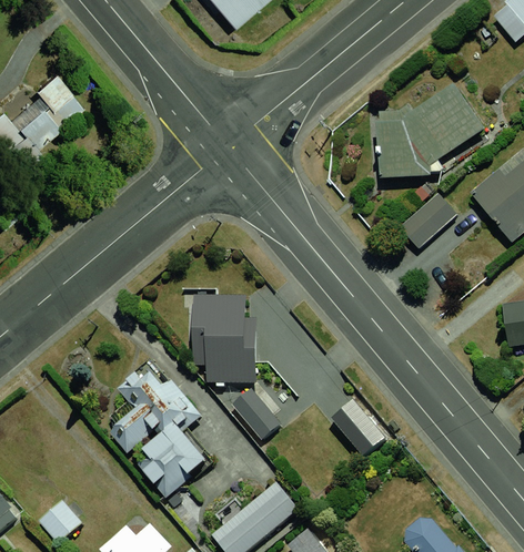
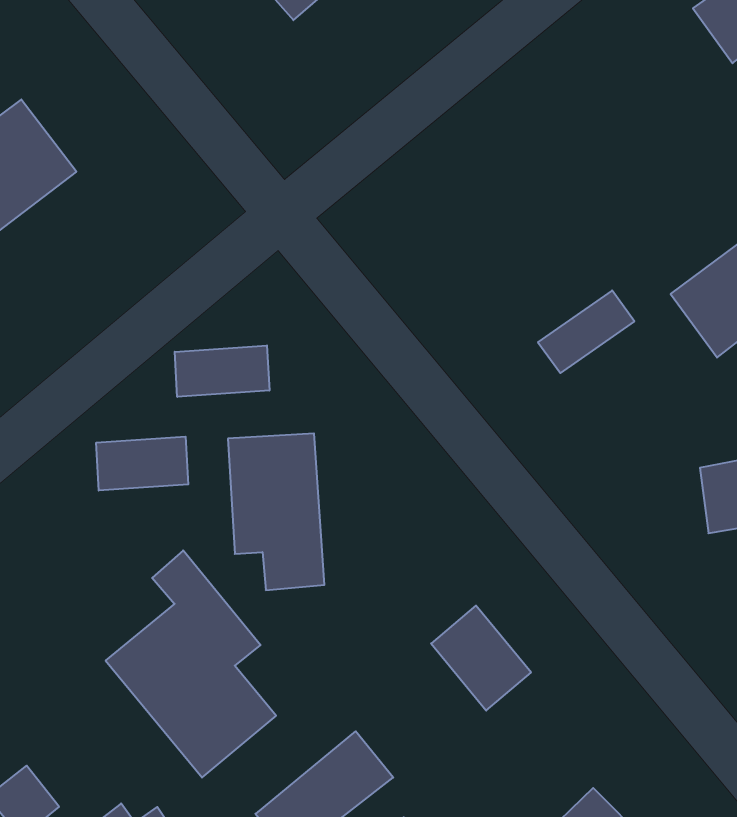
building: [381,90,494,177] -> none
building: none -> [175,345,269,397]
building: none -> [96,437,188,491]
building: [229,393,278,443] -> none

